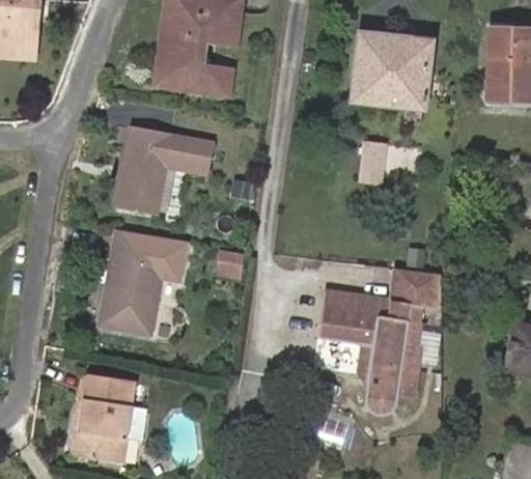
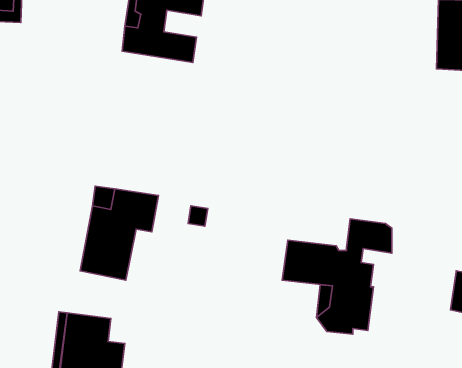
building: [357,30,435,103] -> none
building: [112,136,198,220] -> none
building: [363,138,388,181] -> none

